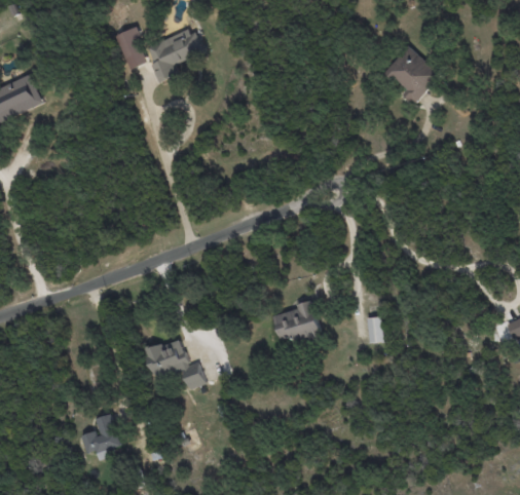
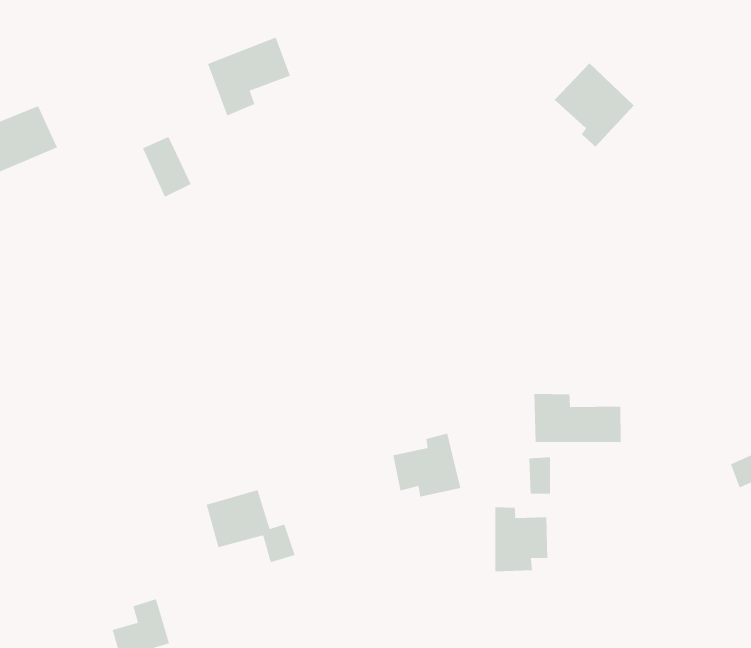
building: [114,28,148,70] -> [142,136,191,197]
building: none -> [534,393,621,443]
building: none -> [495,507,548,572]

